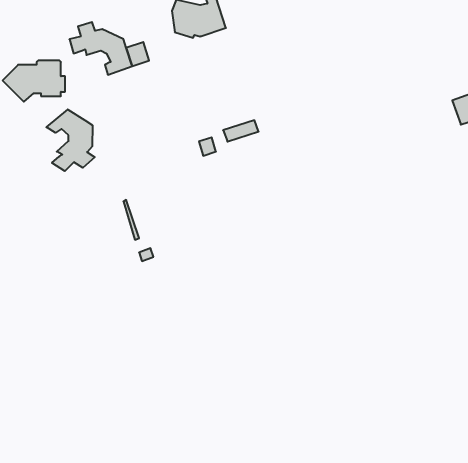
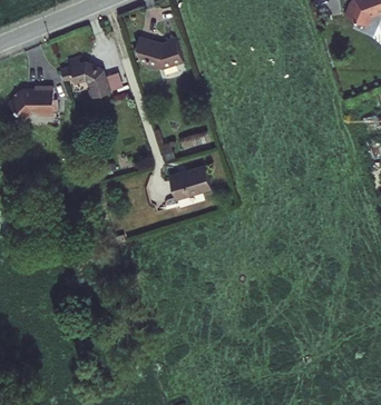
building: [46,109,95,171] -> none
building: none -> [169,166,211,199]

